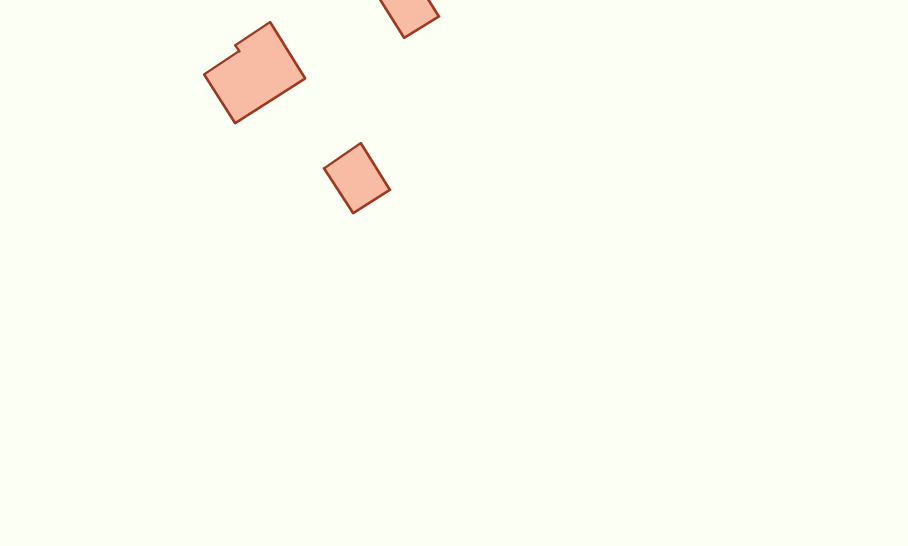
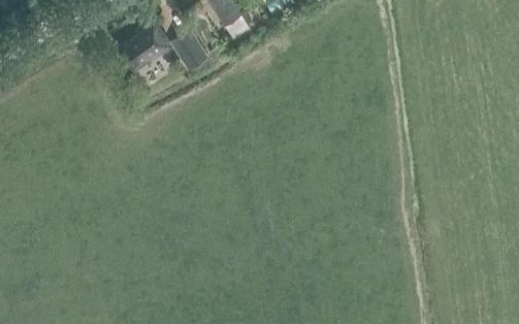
building: [324,143,390,213] -> [173,33,208,70]

